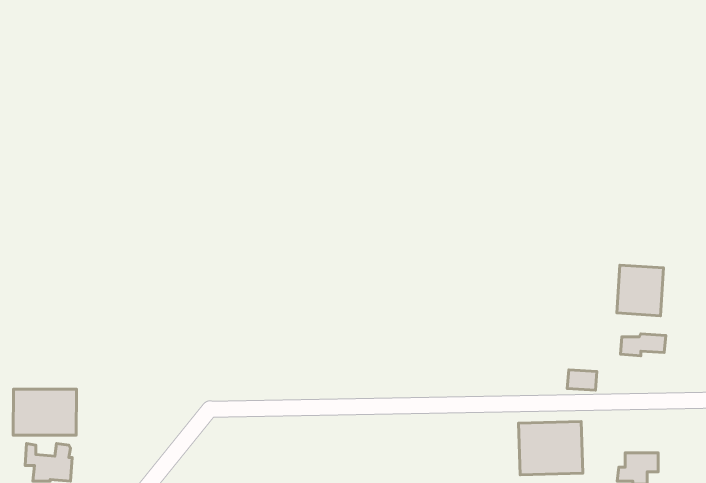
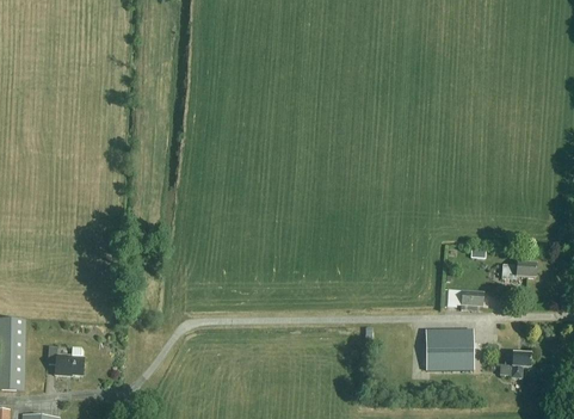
building: [617,265,664,316] -> none
building: [13,389,77,435] -> none

